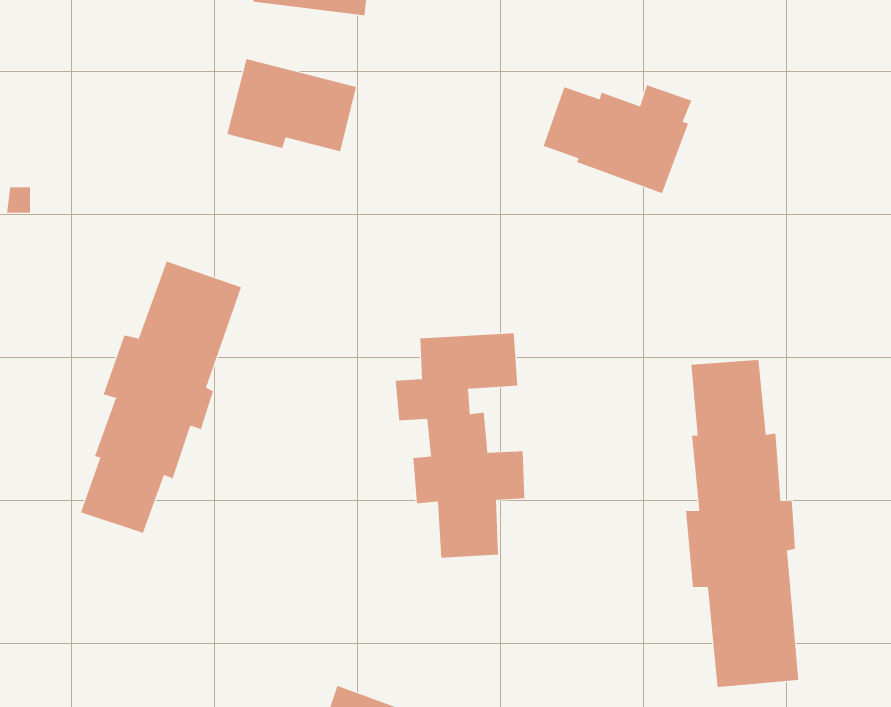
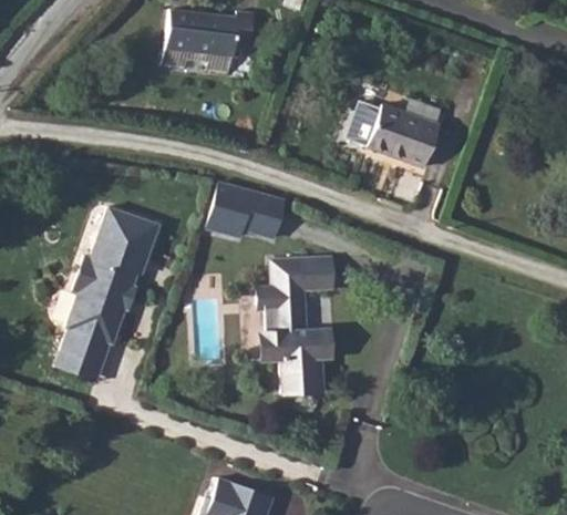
building: [227,59,357,152] -> [205,181,287,239]
building: [686,359,799,688] -> none

